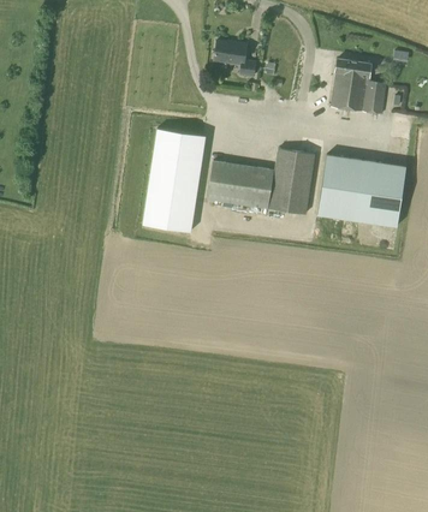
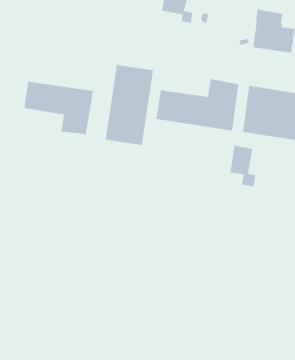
building: none -> [24,81,93,135]
building: none -> [230,145,256,187]

